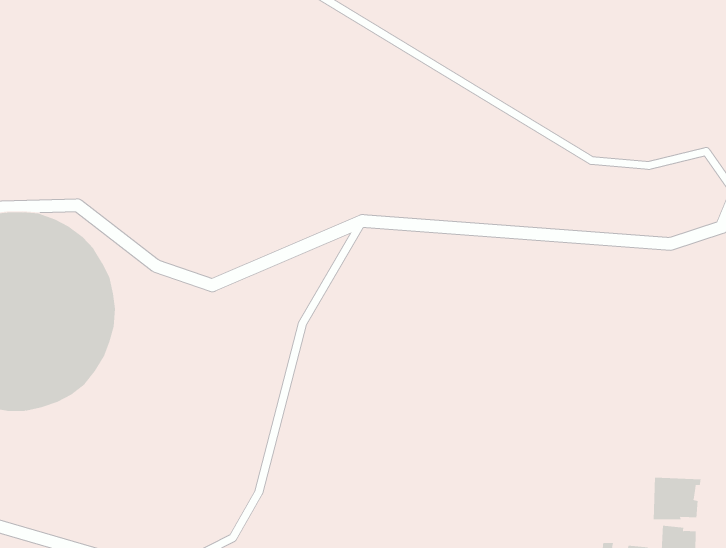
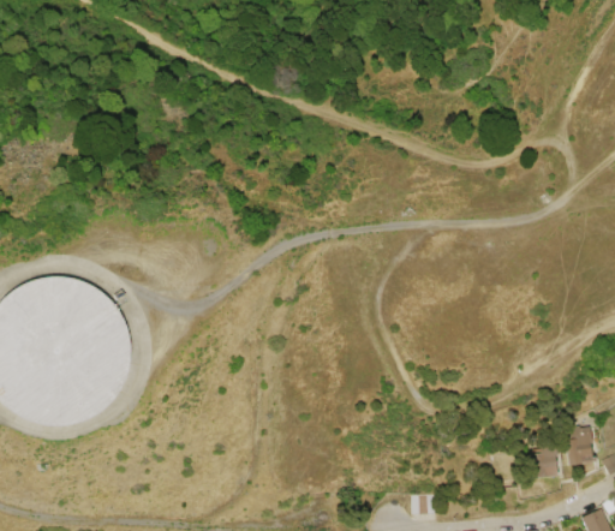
building: [653,477,701,520] -> none

